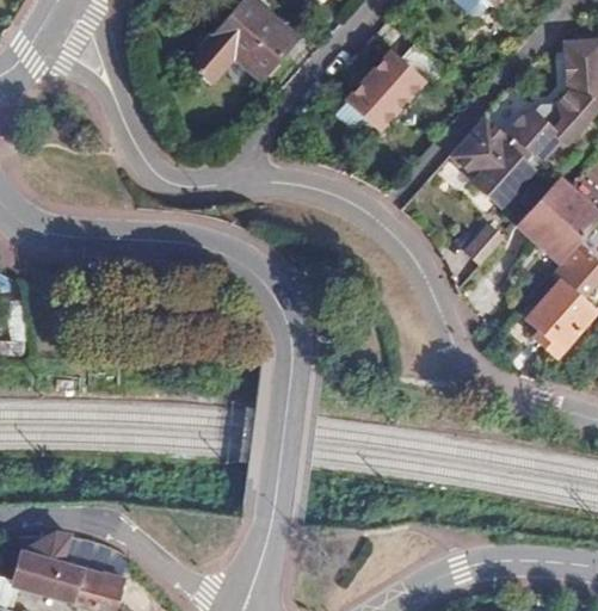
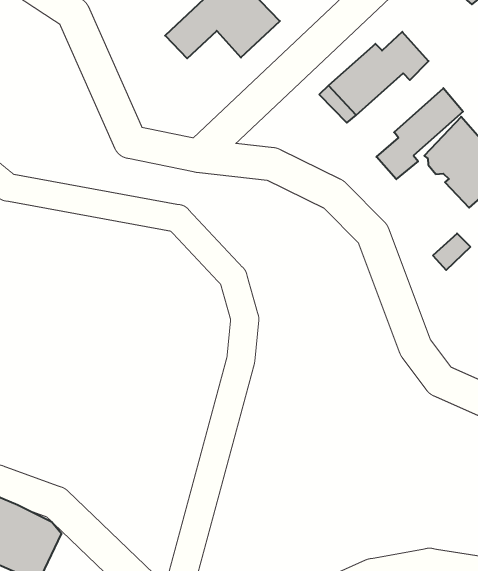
building: none -> [376,88,463,179]

